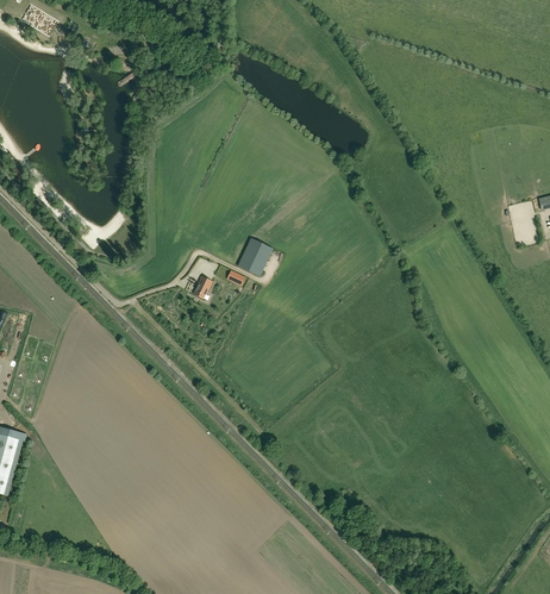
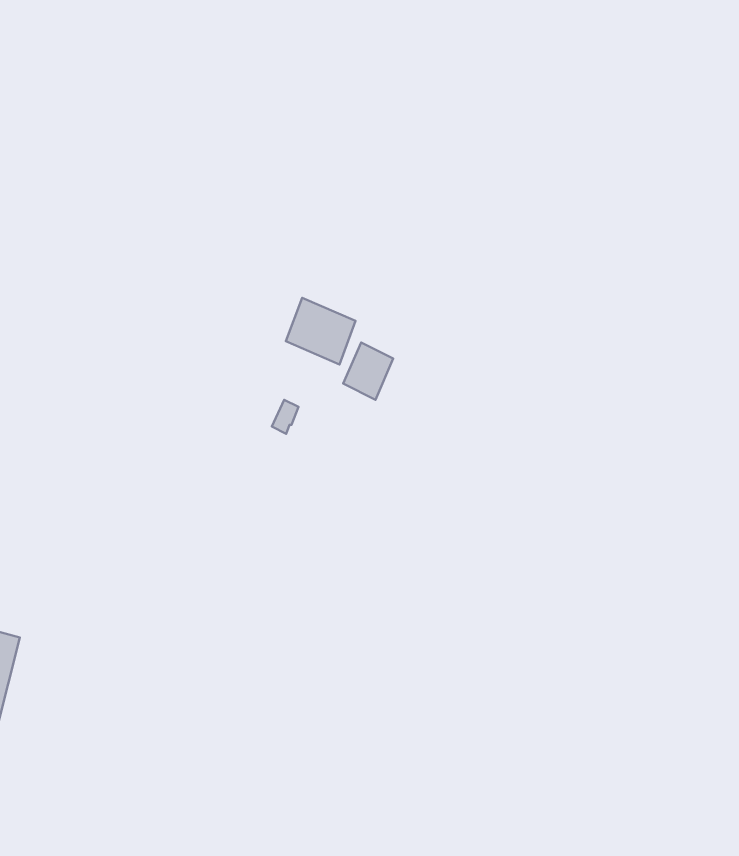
building: none -> [286,298,356,365]

